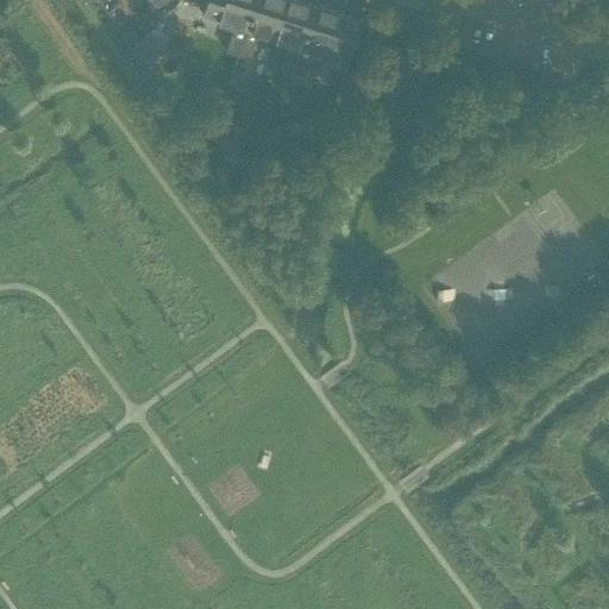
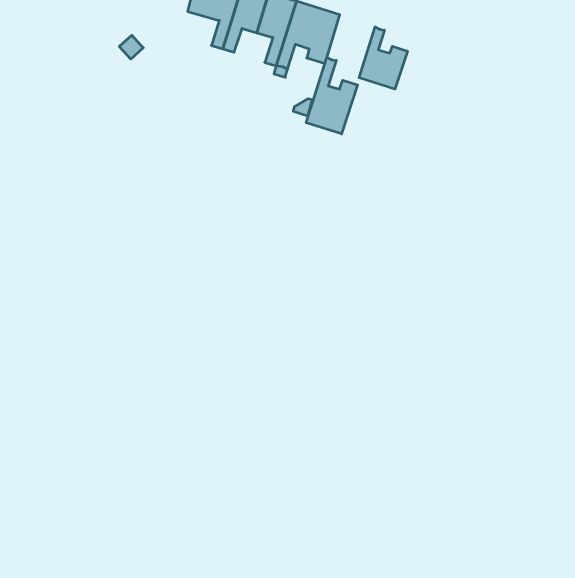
building: none -> [359,27,407,89]
building: none -> [306,57,358,134]

